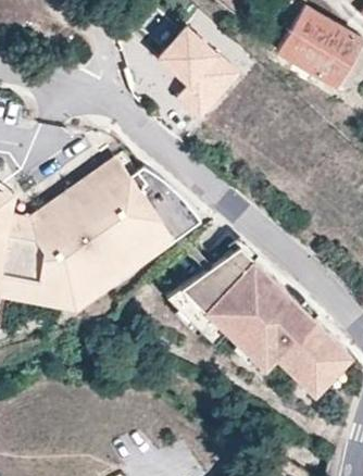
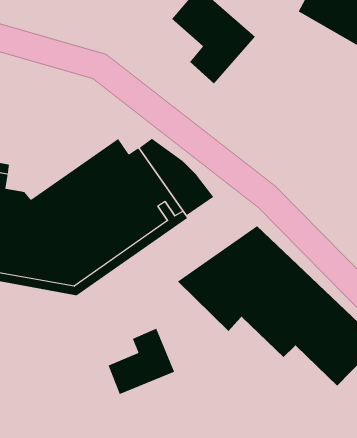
building: [30,156,132,224] -> none
building: none -> [108,328,175,395]

